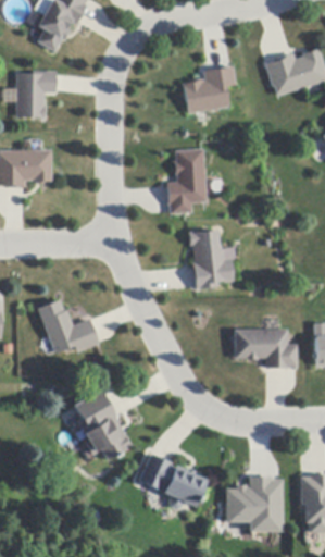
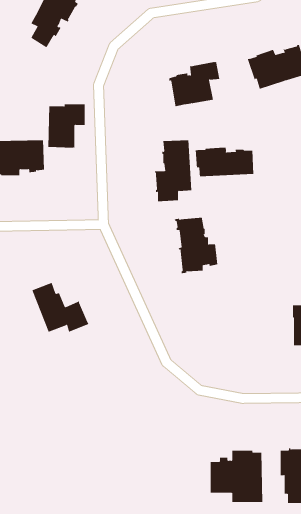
building: [14,71,54,117] -> [47,104,86,148]
building: none -> [195,147,254,177]
building: [233,329,296,369] -> none
building: [73,389,130,461] -> none
building: [137,454,204,509] -> none

